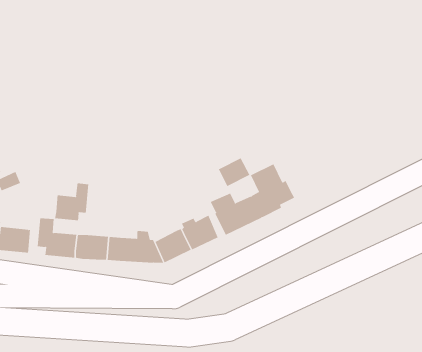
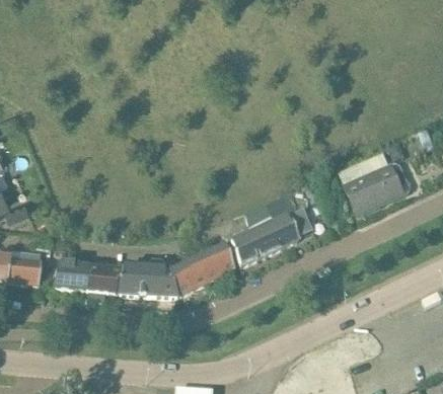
building: none -> [344,164,408,216]
building: [218,157,250,187] -> none
building: [54,182,89,221] -> none

